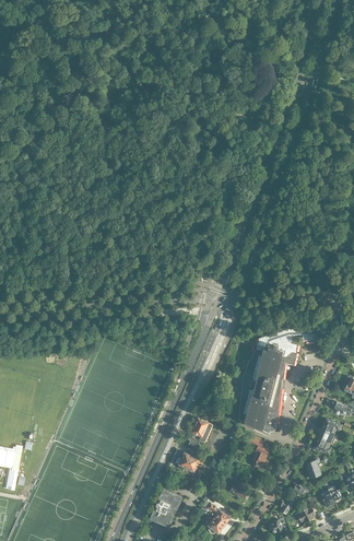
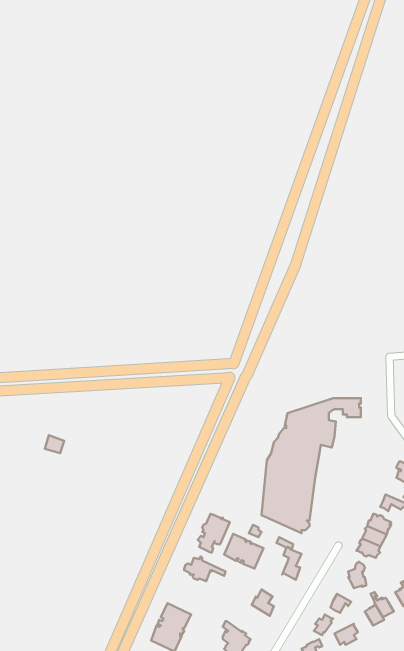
building: none -> [224,534,264,569]

